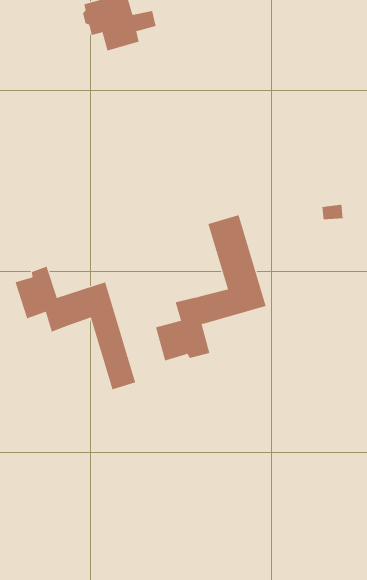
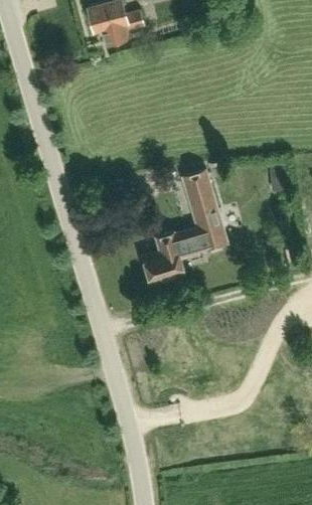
building: [15,266,136,390] -> none

